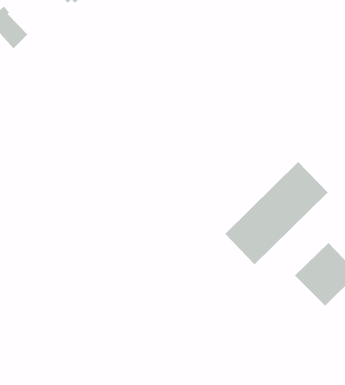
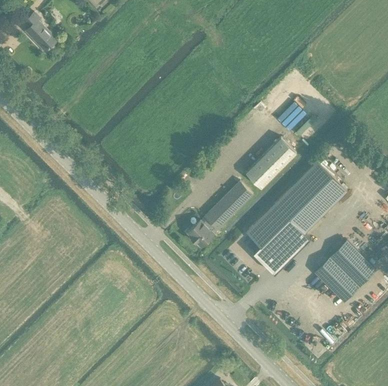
building: none -> [244,138,295,189]
building: none -> [188,181,252,246]

